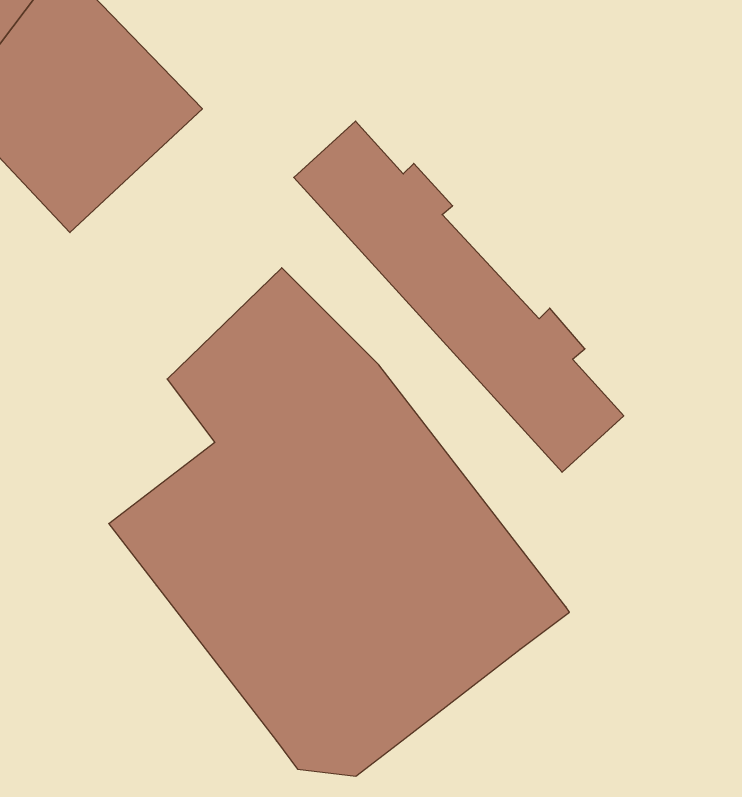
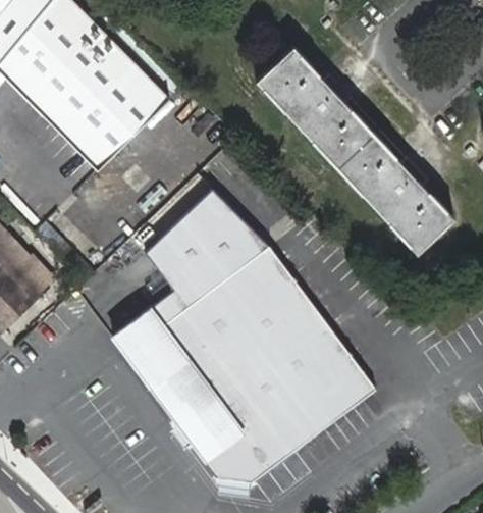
building: [294,121,624,472] -> [259,50,449,253]

